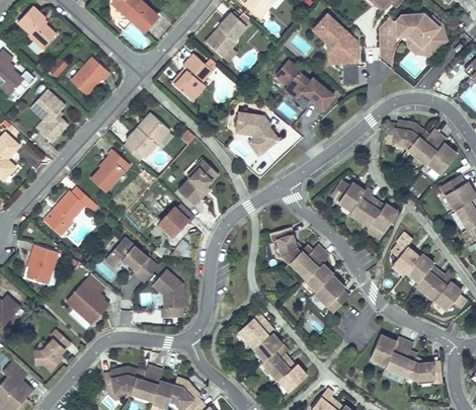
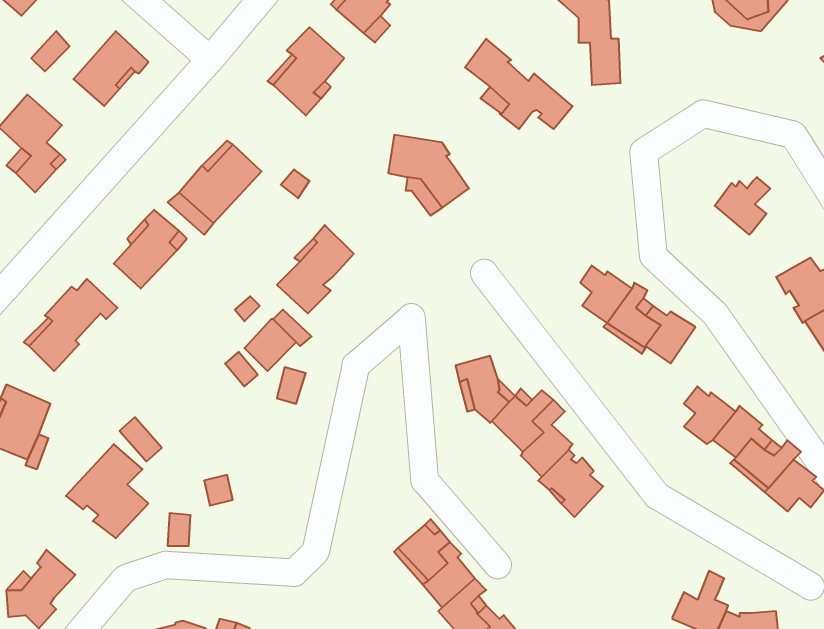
building: [386,122,424,148] -> none
building: [427,139,457,171] -> none
building: [105,237,158,281] -> none
building: [153,269,184,317] -> none
building: [372,334,405,364] -> none

